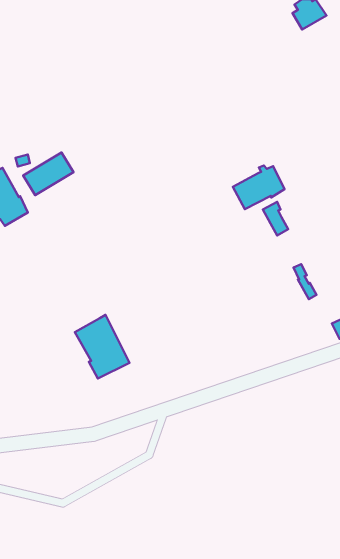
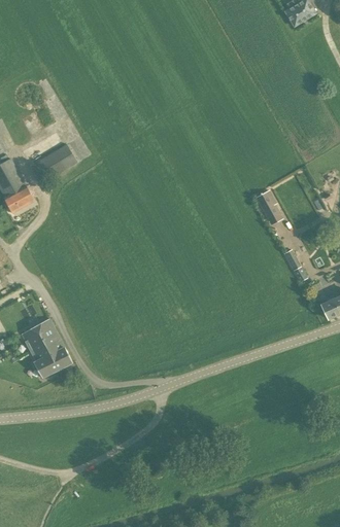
building: [233,165,285,209] -> none
building: [75,315,129,378] -> [21,317,72,377]

